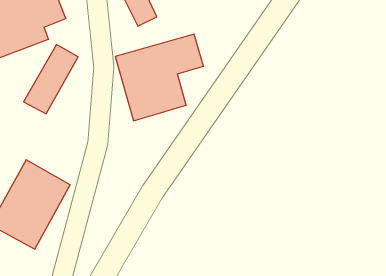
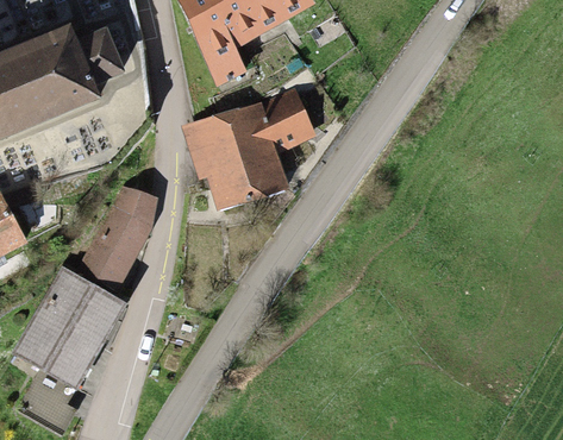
building: [24,45,78,114] -> [85,187,159,282]

